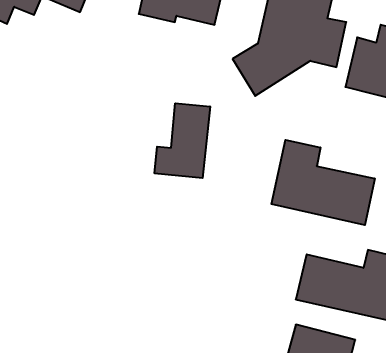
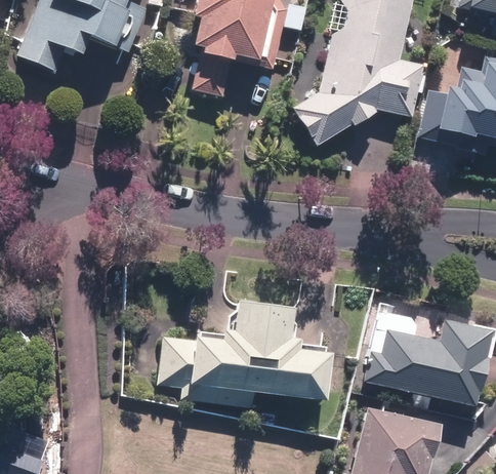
building: [155,103,210,178] -> none
building: [271,140,375,225] -> none
building: none -> [161,302,327,406]

